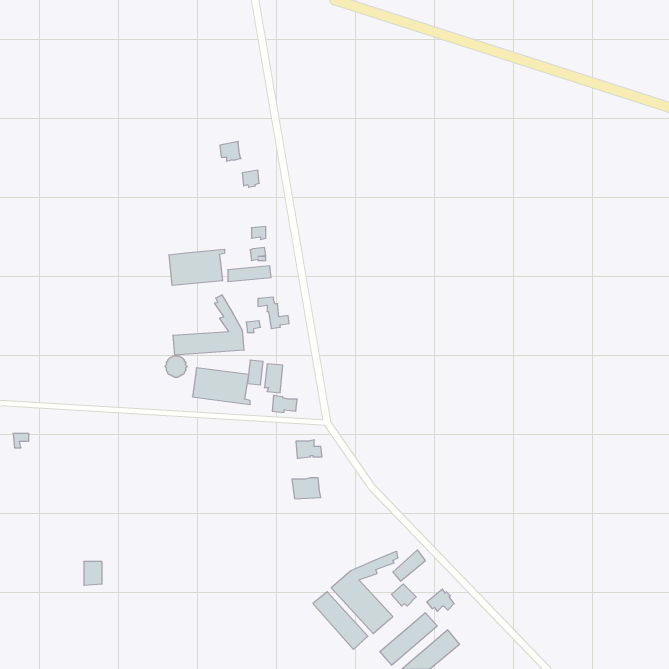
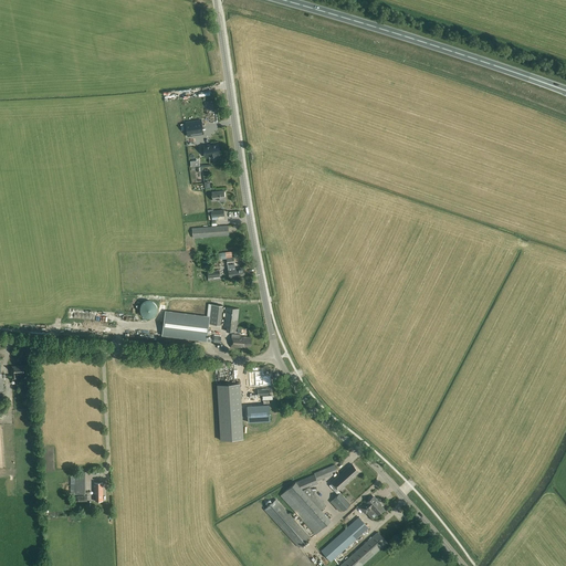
building: [169,249,225,285] -> none
building: [173,295,244,355] -> none
building: none -> [217,384,243,440]

